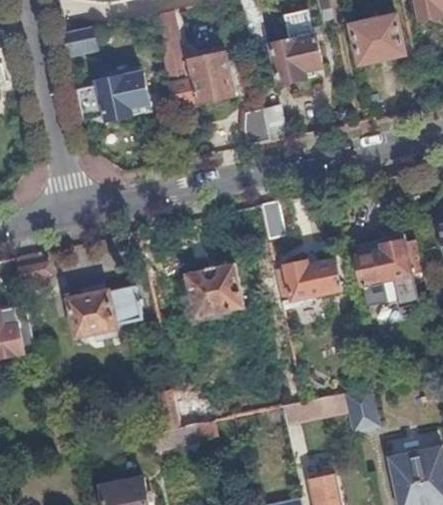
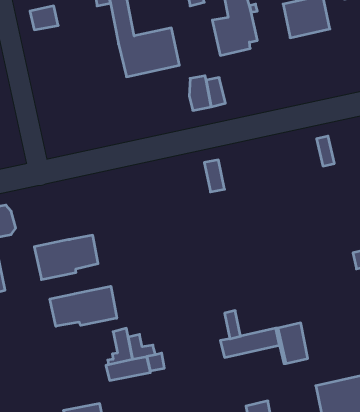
building: [76,72,149,124] -> none
building: [357,231,423,308] -> none
building: [275,262,342,303] -> none
building: [185,264,244,318] -> none
building: none -> [50,286,117,326]

